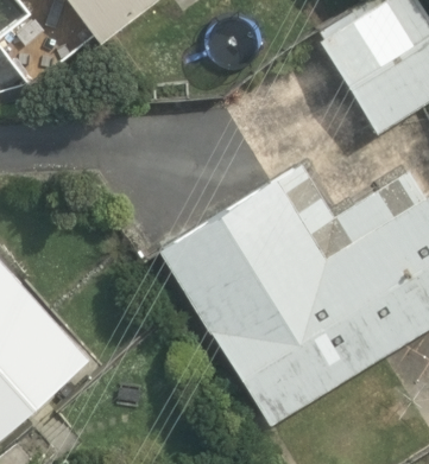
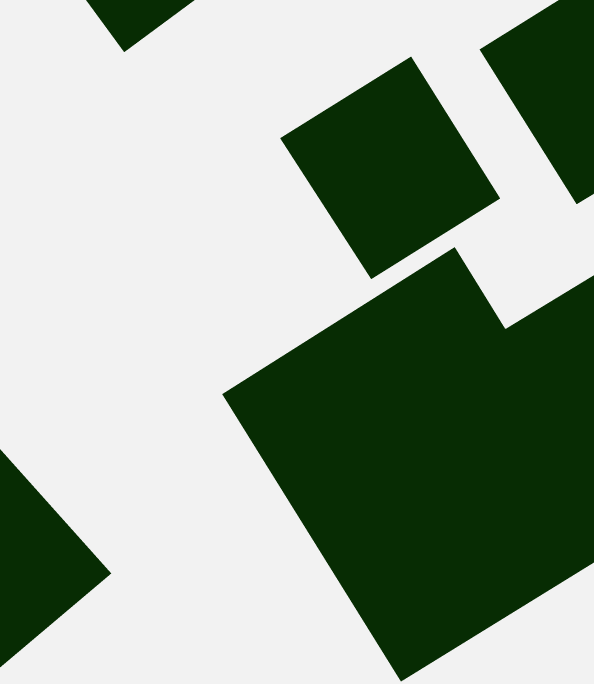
building: none -> [279,56,501,280]

